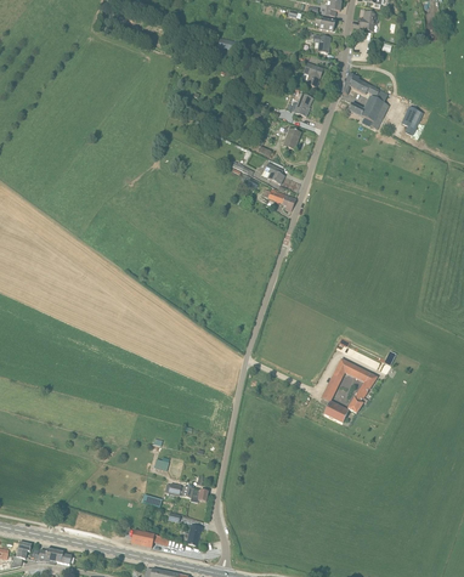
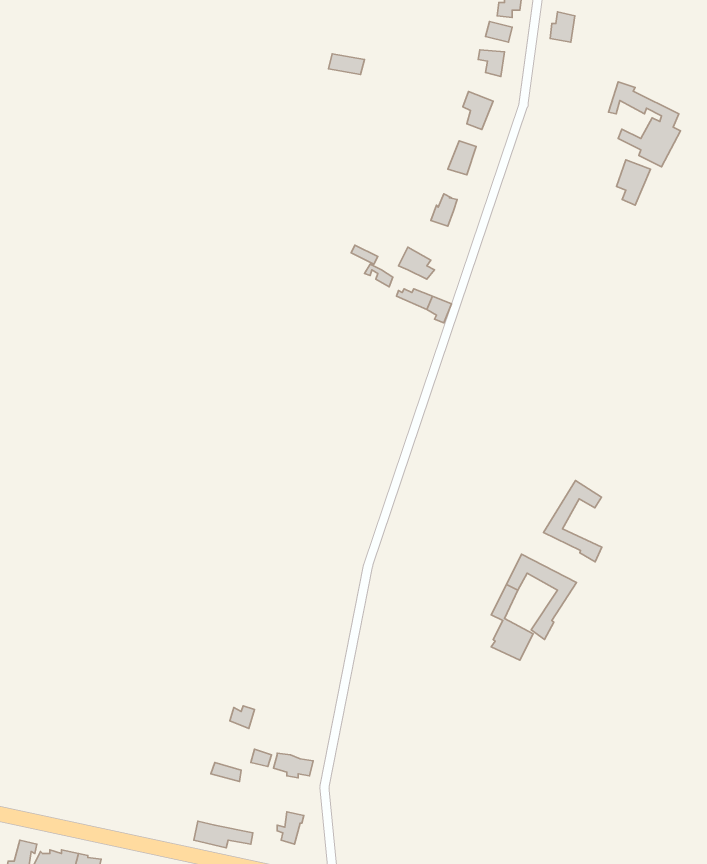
building: [343,73,389,128] -> [609,82,681,167]
building: none -> [544,481,602,562]

